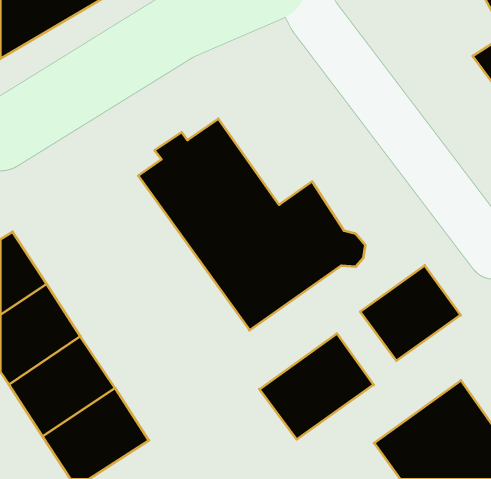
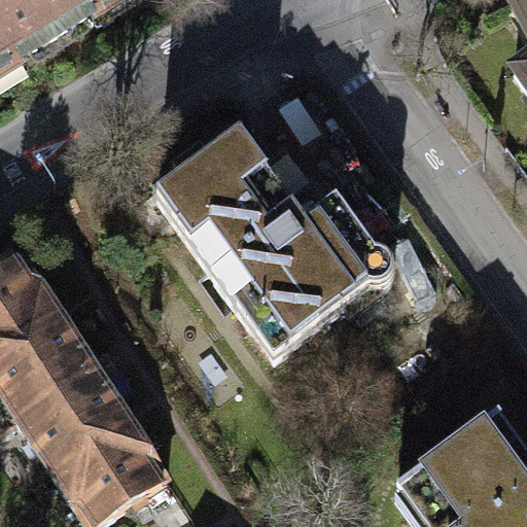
building: [360,265,461,361] -> none
building: [259,334,374,439] -> none

